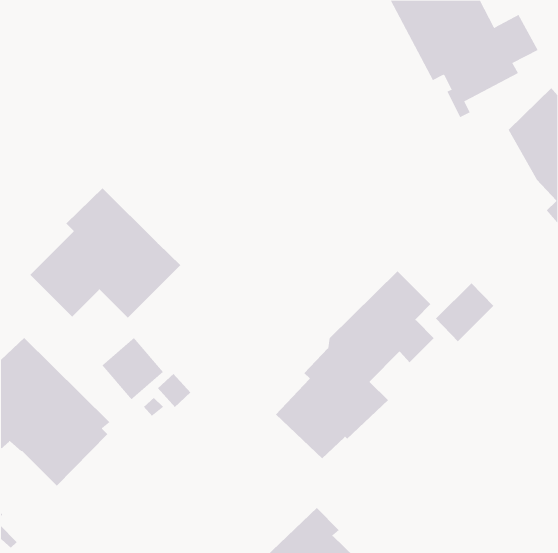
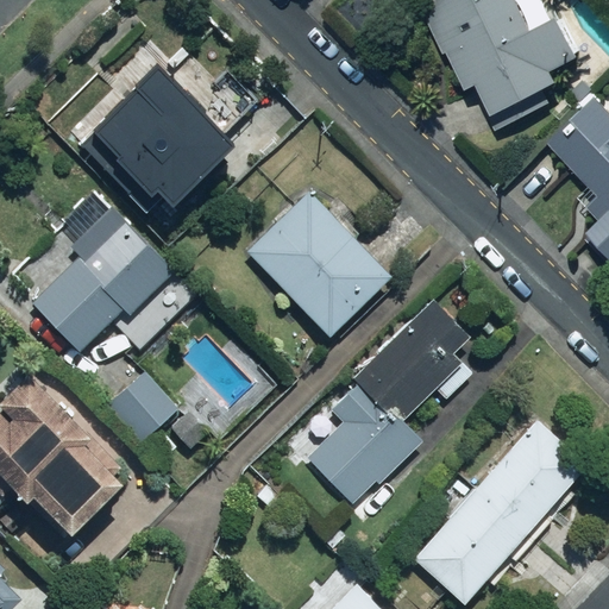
building: none -> [71,77,228,218]
building: none -> [247,192,391,335]
building: [435,283,494,342] -> none
building: none -> [414,420,586,603]

